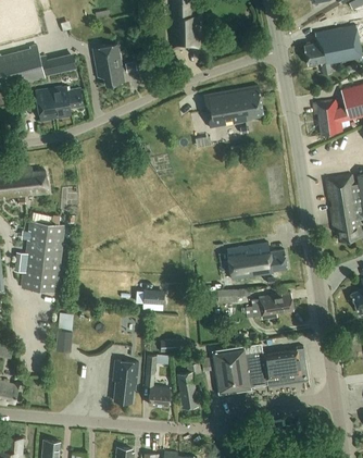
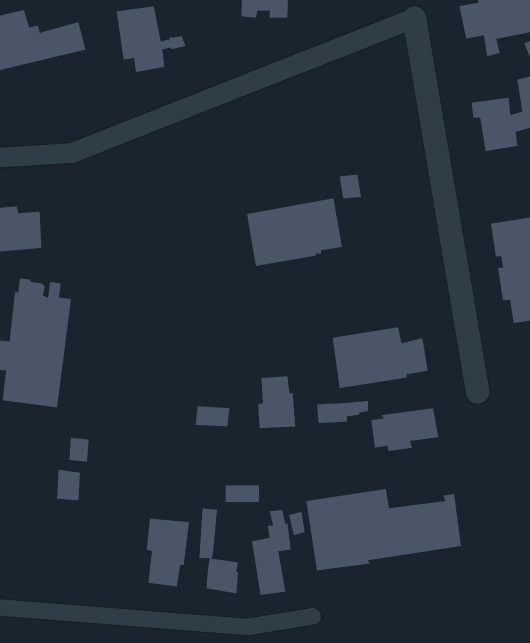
building: [36,86,80,121] -> none
building: [204,86,264,128] -> [246,198,343,266]
building: none -> [258,376,296,429]

